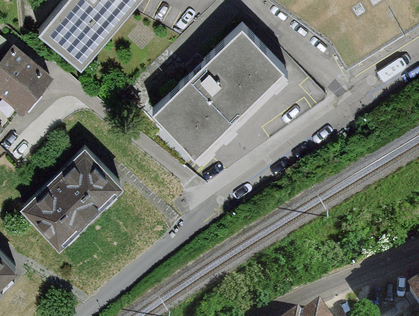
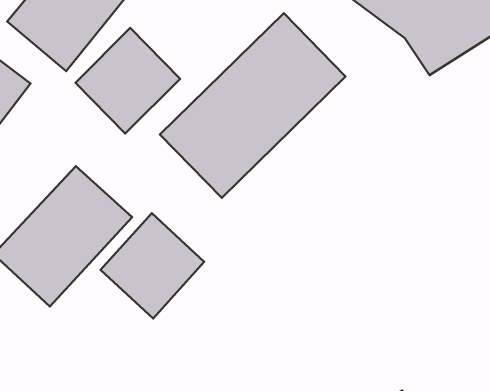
building: none -> [75,28,180,134]
building: none -> [101,213,204,318]

